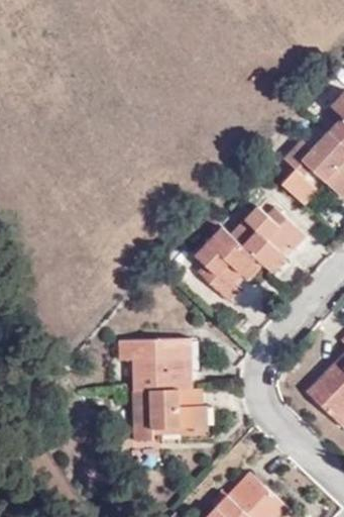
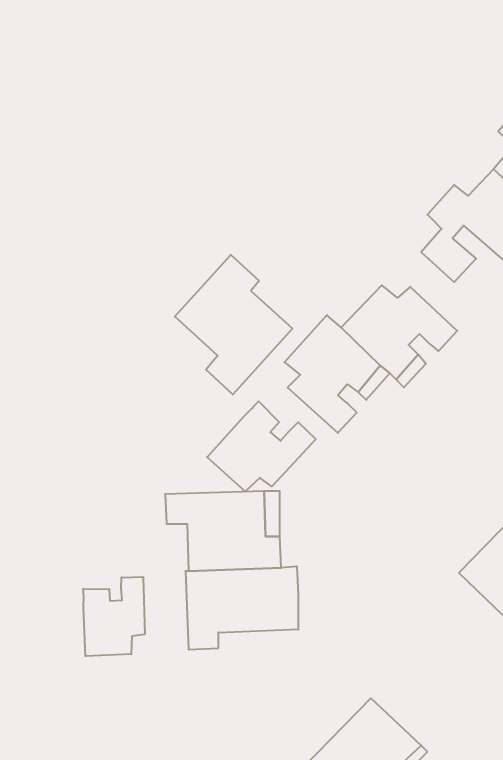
building: none -> [175,255,292,395]
building: none -> [207,401,316,492]
building: none -> [83,577,145,656]

